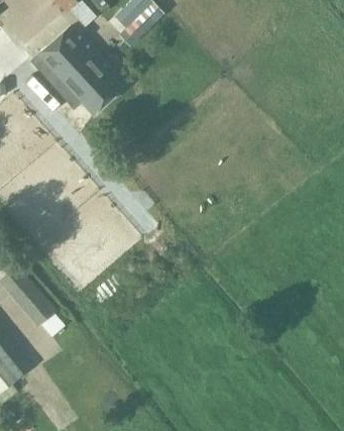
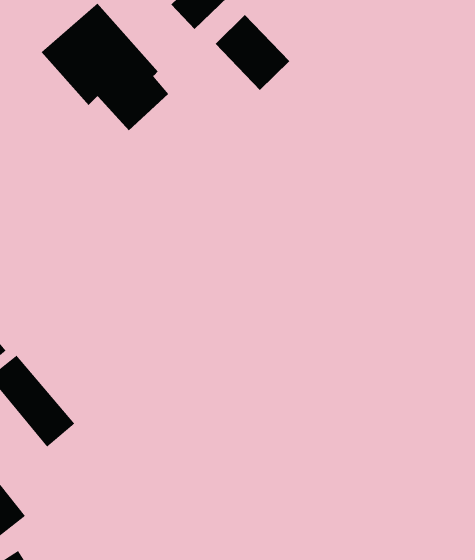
building: none -> [215,14,290,91]

